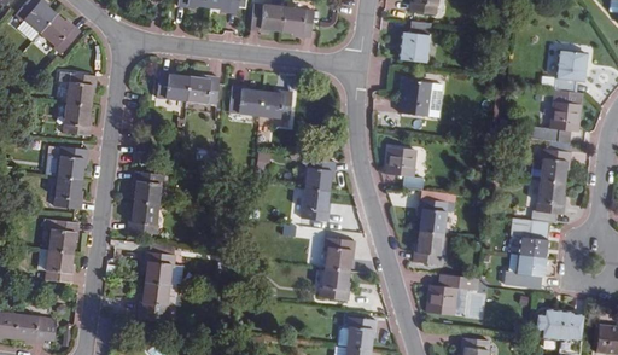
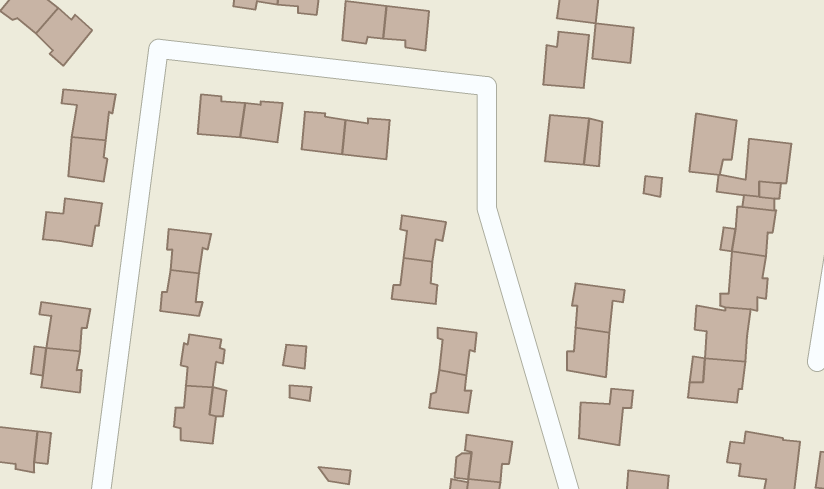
building: none -> [592,23,634,63]
building: [547,52,581,95] -> [689,114,737,175]
building: [389,155,426,198] -> none
building: [53,176,81,210] -> none

